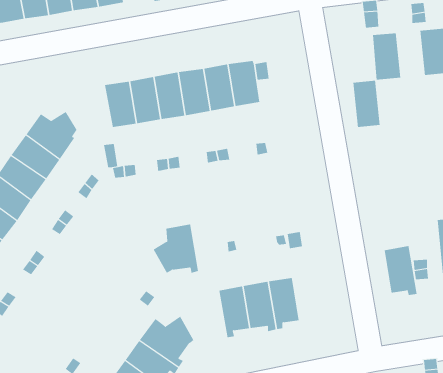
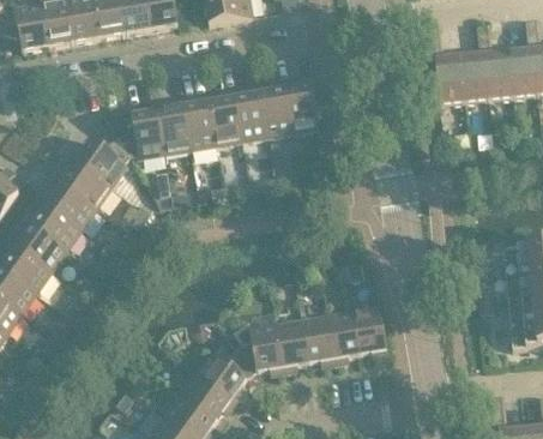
building: [353,80,380,127] -> [459,53,488,102]
building: none -> [116,109,164,158]
building: [153,224,199,274] -> [235,323,283,374]
building: [384,246,417,295] -> [351,305,386,356]

